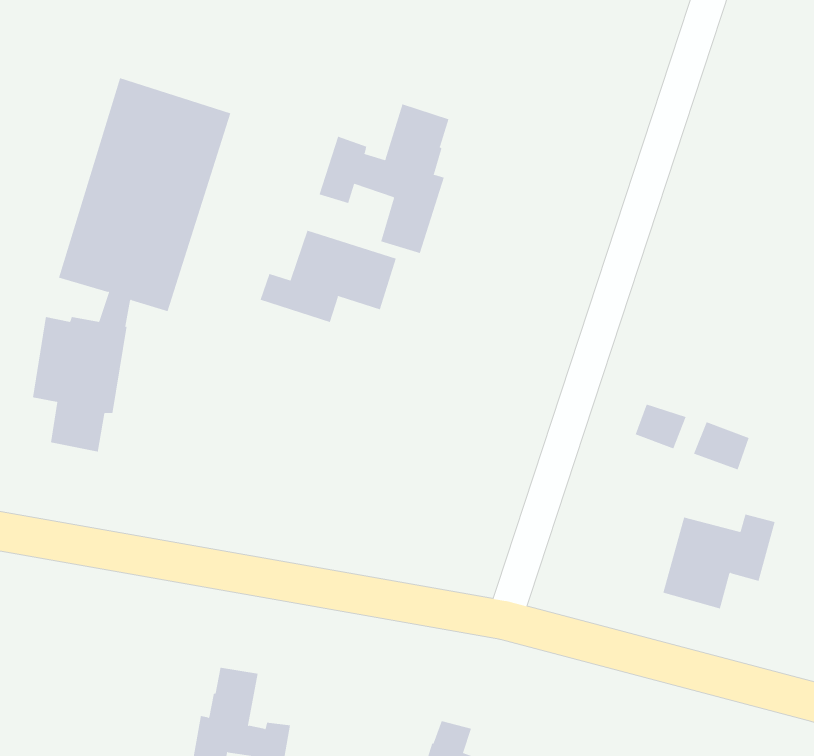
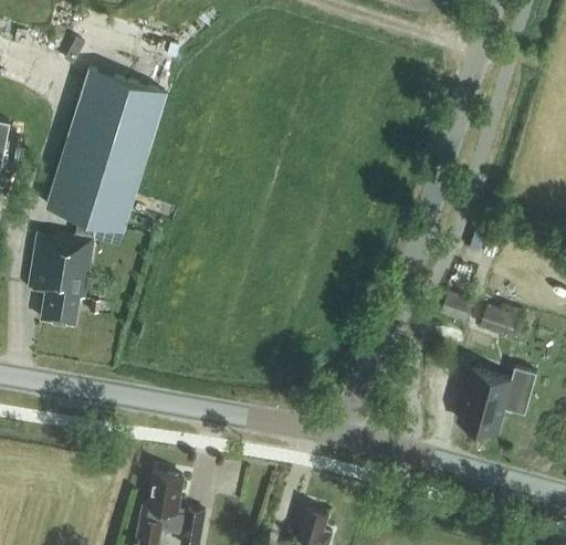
building: [319,103,449,254] -> none
building: [260,230,397,323] -> none

